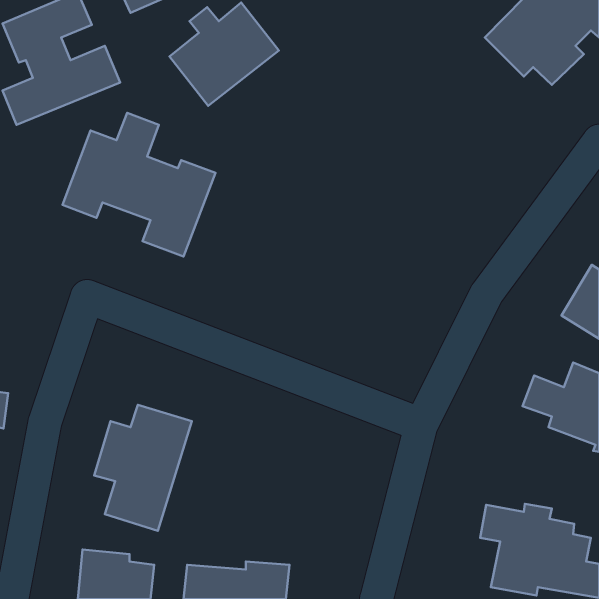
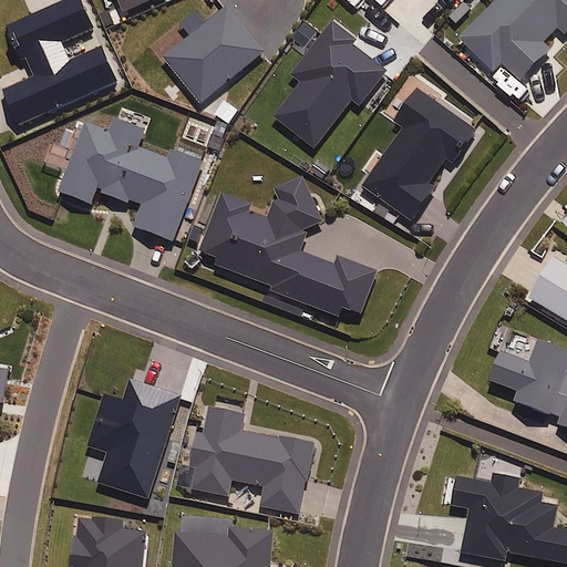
building: none -> [271,14,380,141]
building: none -> [363,90,481,224]
building: none -> [198,177,377,317]
building: none -> [190,409,315,515]

